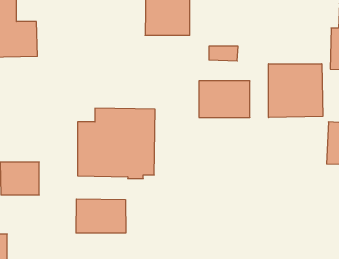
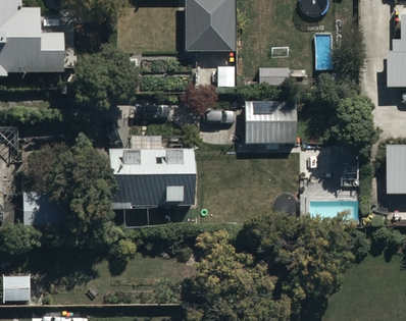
building: [269,64,323,118] -> none
building: [76,199,126,233] -> none

